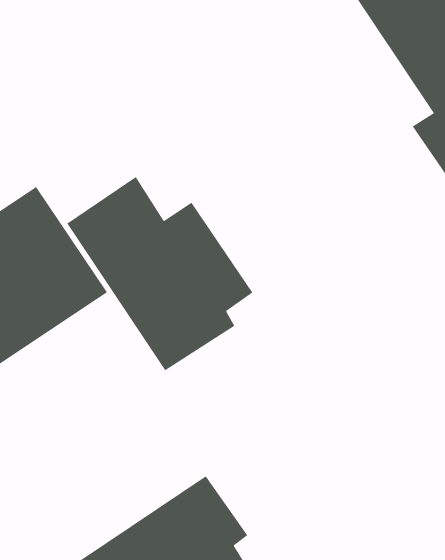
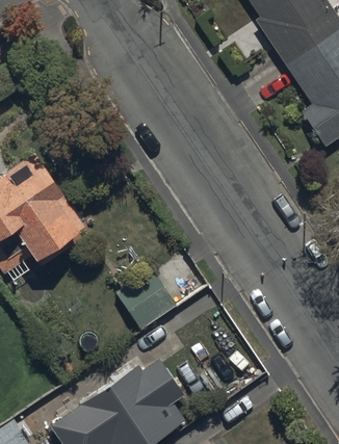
building: [67,176,253,371] -> none
building: none -> [118,270,179,332]

